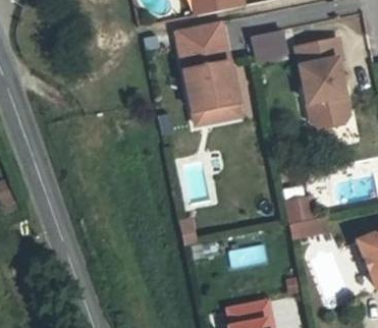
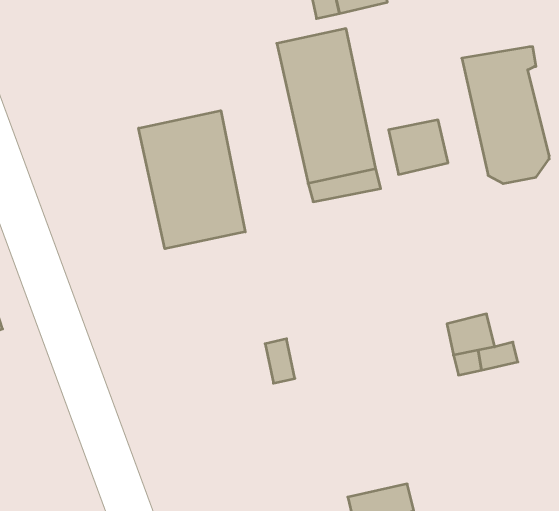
building: [250,31,286,64] -> [389,120,448,174]
building: none -> [139,111,245,249]

